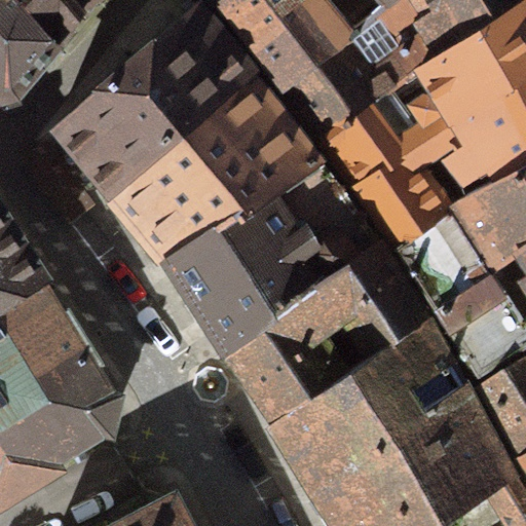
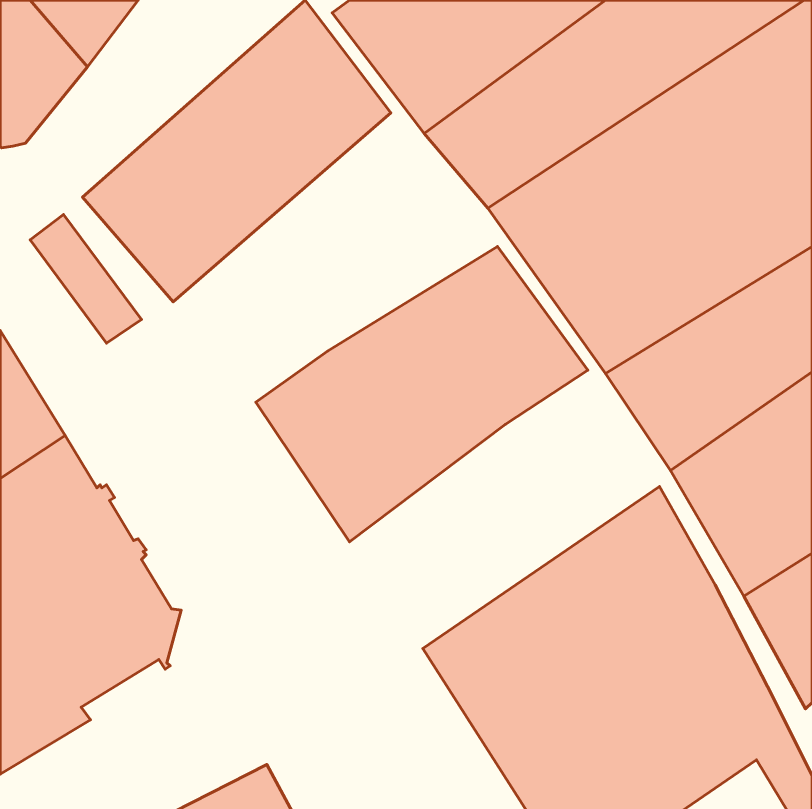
building: [112,75,322,262] -> none
building: [226,241,426,421] -> none

